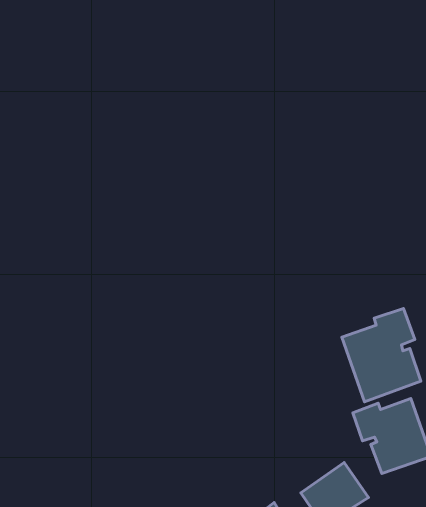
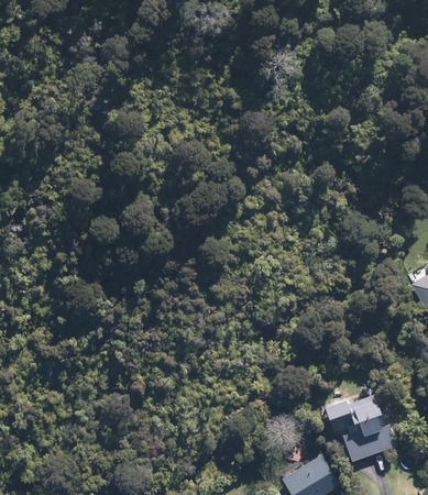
building: [342,309,421,402] -> none

